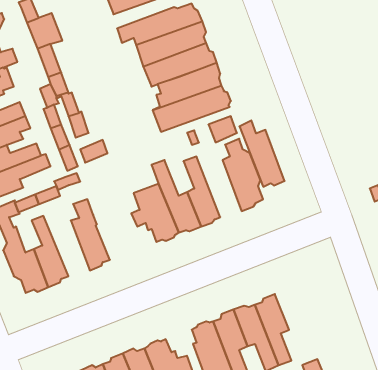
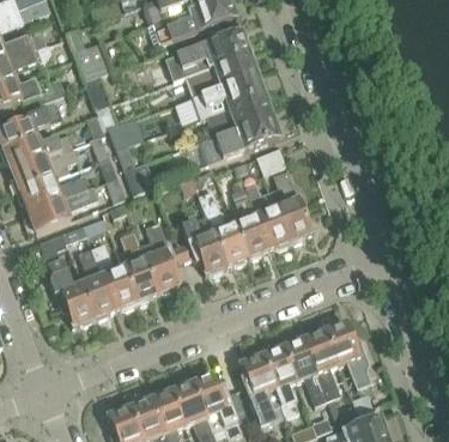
building: [239,120,285,187] -> [244,182,290,249]
building: none -> [140,220,184,292]
building: none -> [90,243,136,309]
building: none -> [323,321,370,388]

